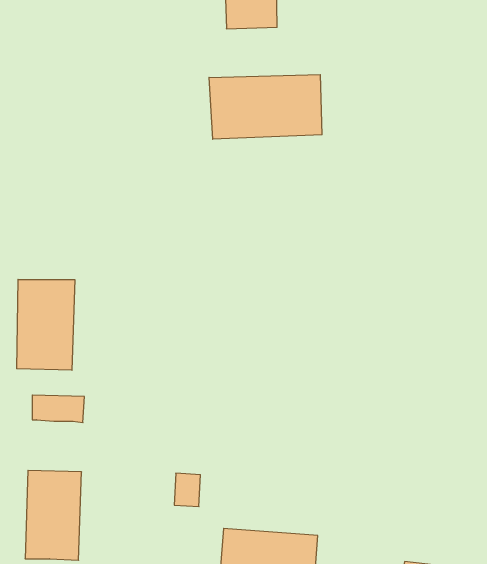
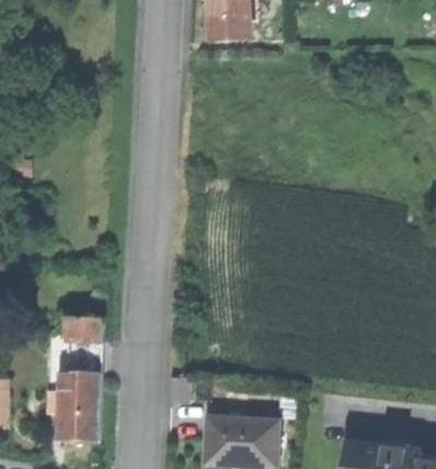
building: [209,75,322,139] -> none
building: [17,279,75,370] -> none

